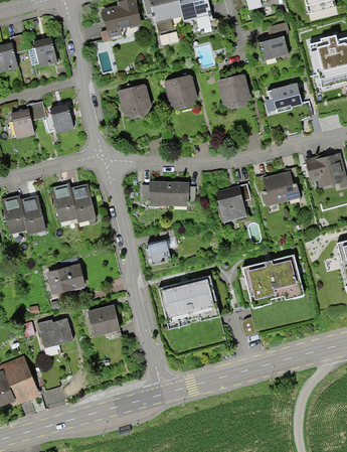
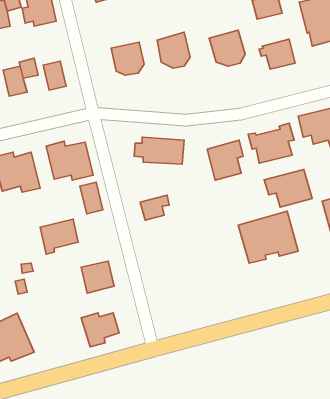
building: none -> [264,169,312,207]
building: none -> [80,182,103,214]
building: [159,275,220,328] -> none
building: [34,319,72,353] -> [81,313,119,347]

